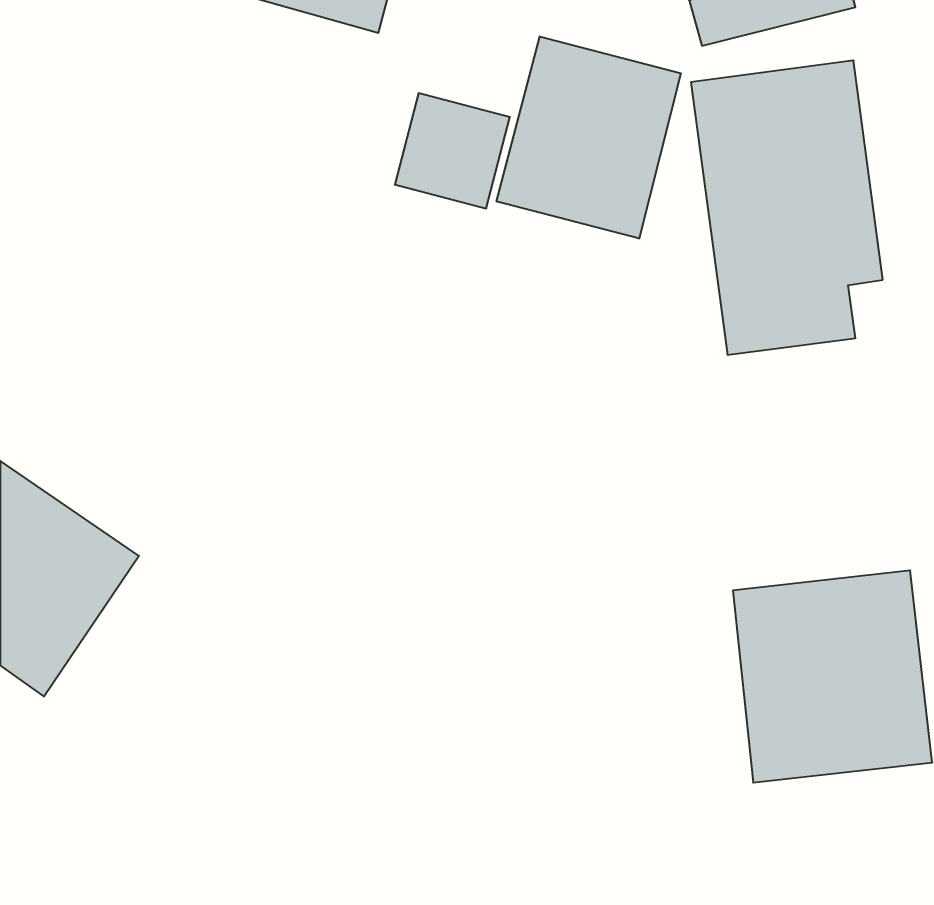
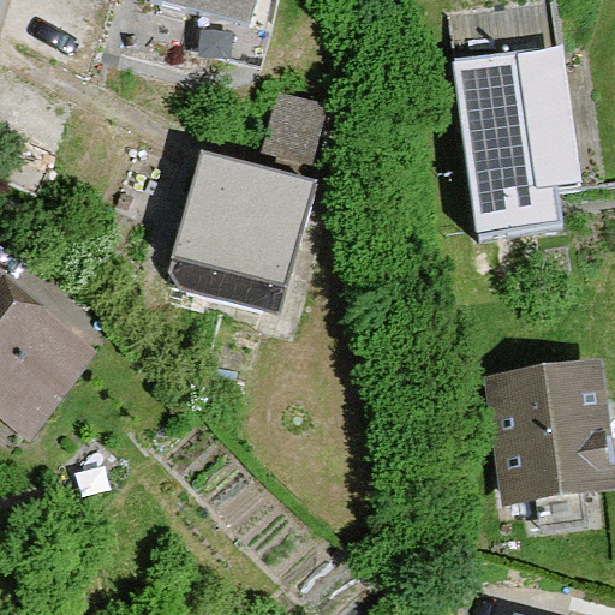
building: [497,36,681,239] -> none
building: none -> [161,168,317,346]

